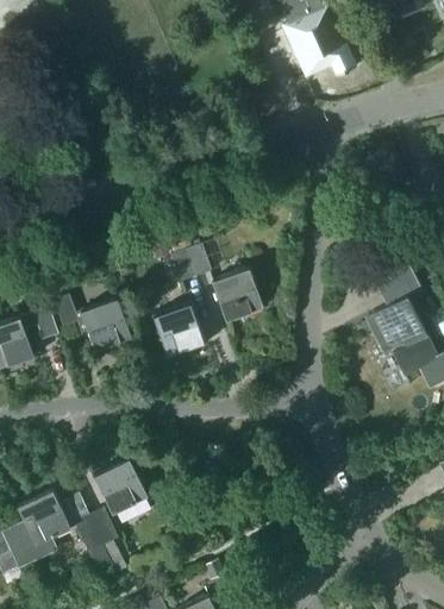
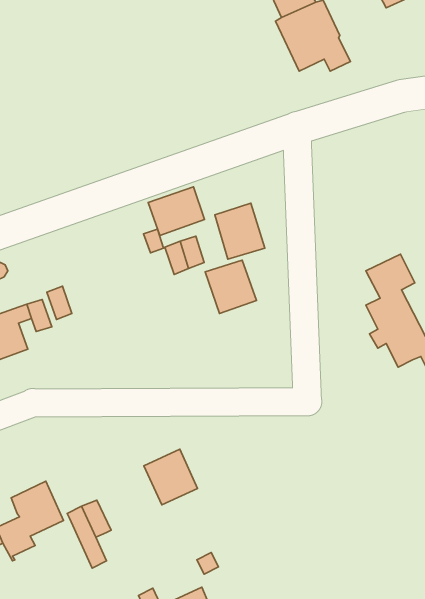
building: none -> [148,187,204,236]
building: none -> [215,203,265,259]
building: [81,297,131,351] -> none
building: [154,303,205,357] -> none
building: [94,458,148,514] -> [144,449,198,505]

